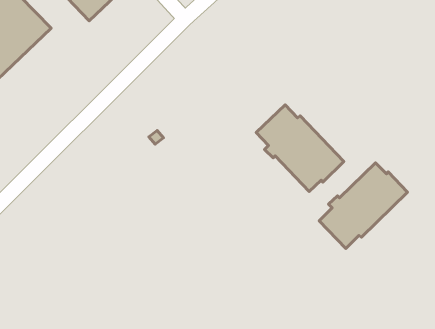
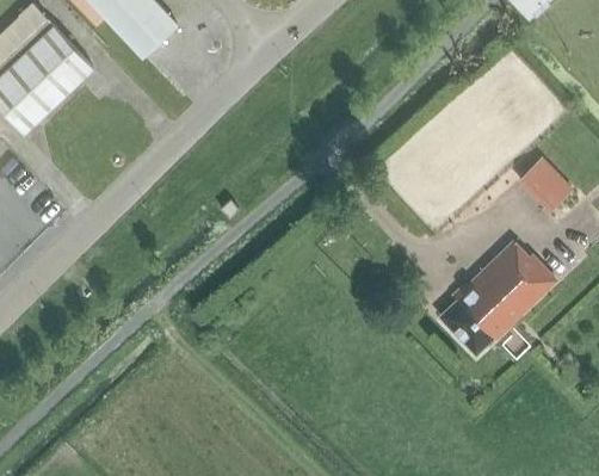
building: none -> [515,156,572,212]
building: [256,105,344,191] -> none

